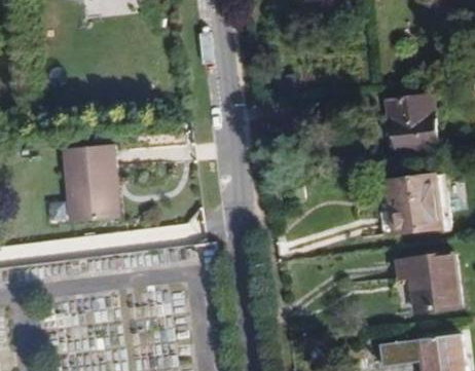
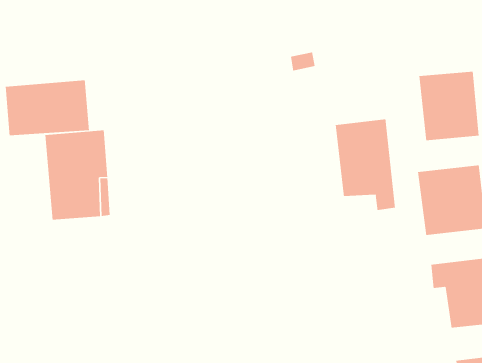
building: none -> [5,80,90,136]
building: none -> [335,119,395,211]

